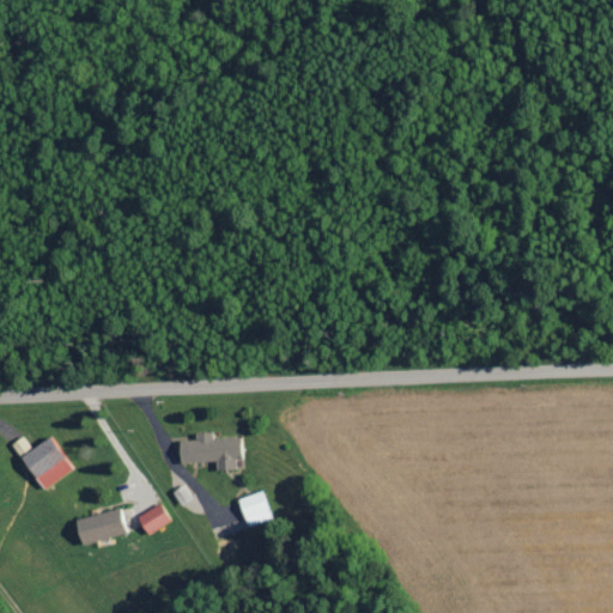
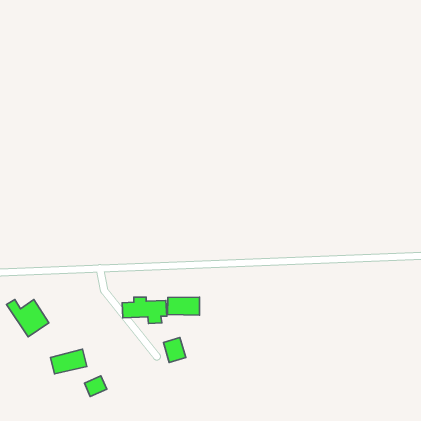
building: none -> [168,297,199,315]
building: [138,504,170,534] -> [84,376,107,396]

